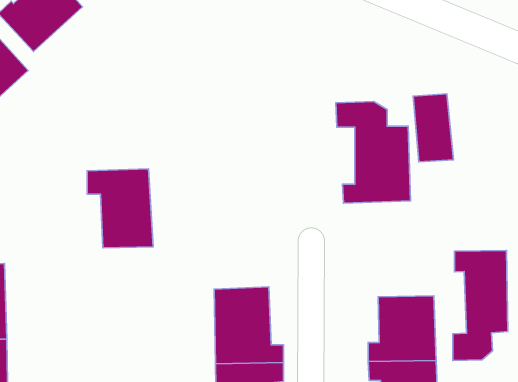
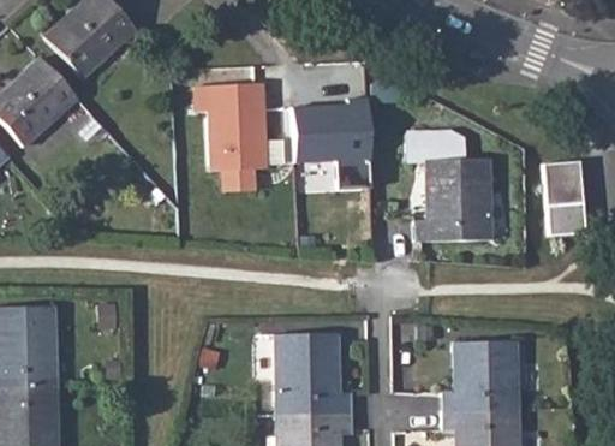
building: none -> [291,95,377,191]
building: [413,94,453,162] -> [542,161,585,234]
building: [87,169,153,248] -> [195,83,265,168]
building: [453,250,508,361] -> none

